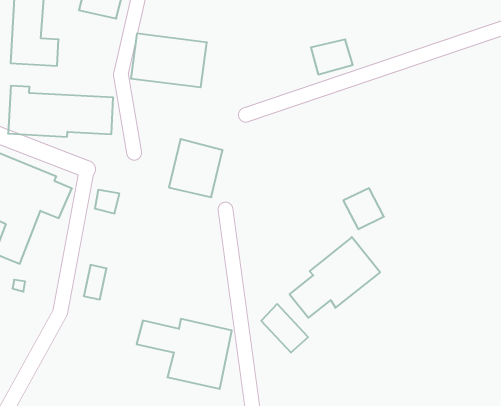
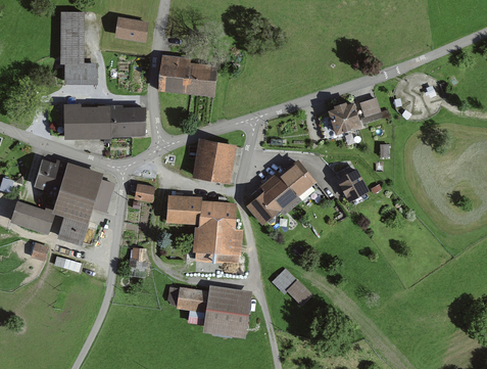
building: [311,39,353,74] -> [327,104,361,134]
building: none -> [361,97,390,122]
building: none -> [164,194,242,263]
building: [290,237,380,318] -> [246,158,319,226]

